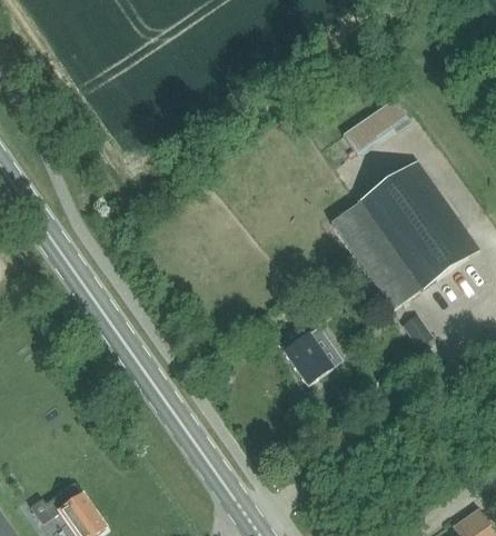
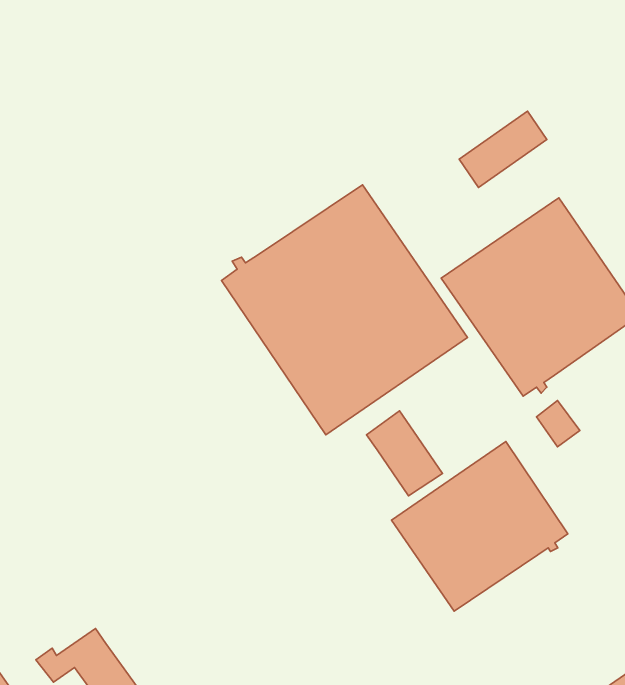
building: none -> [221,185,468,435]
building: none -> [392,442,568,611]

